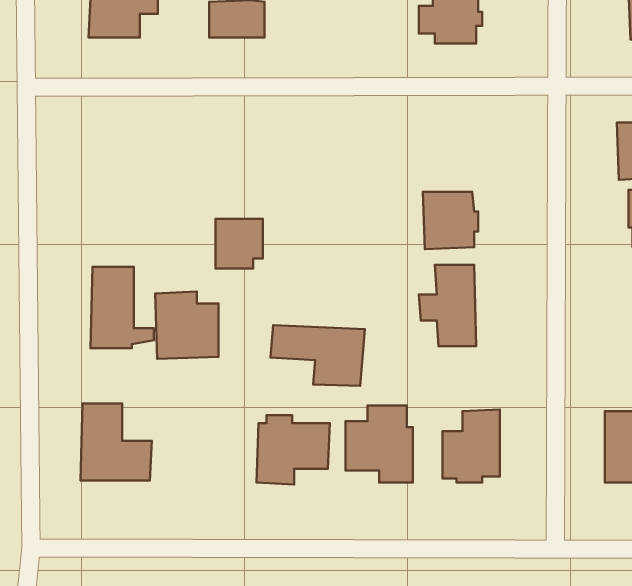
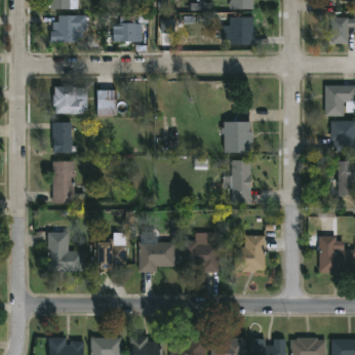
building: none -> [53,85,85,113]
building: none -> [52,122,73,153]
building: [215,219,263,268] -> [97,89,122,115]
building: [155,292,219,359] -> [93,237,126,272]
building: [270,325,365,386] -> none

